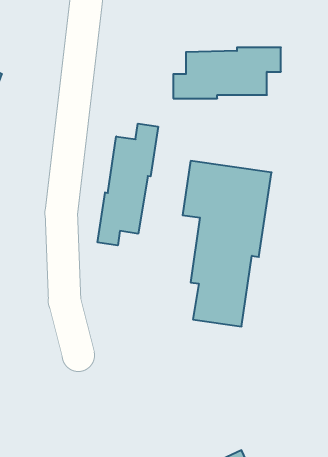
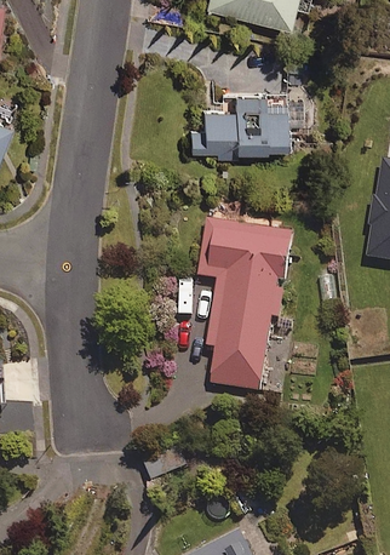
building: [98,124,158,245] -> none

